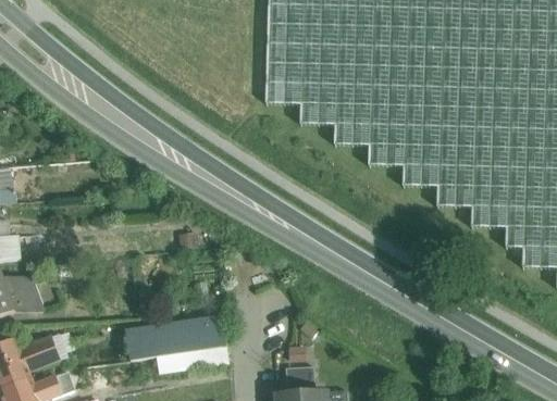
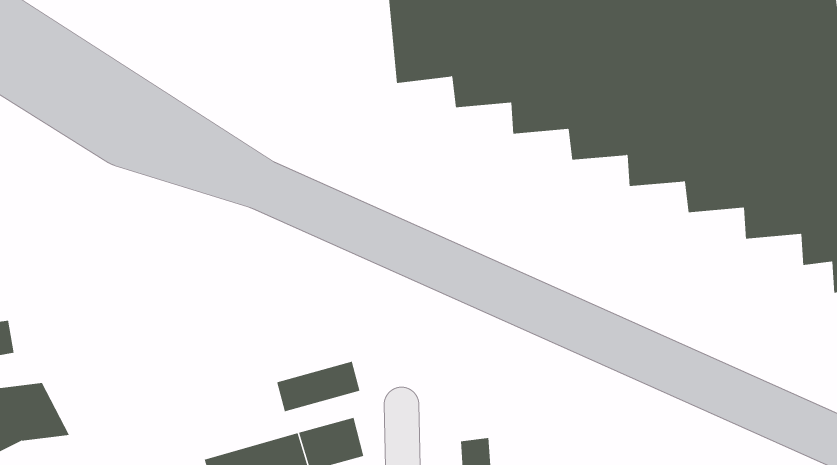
building: none -> [277,361,360,412]

